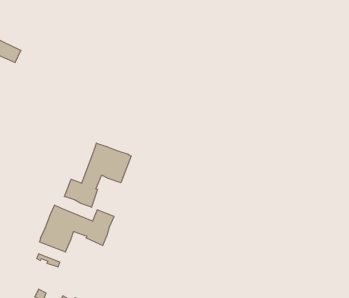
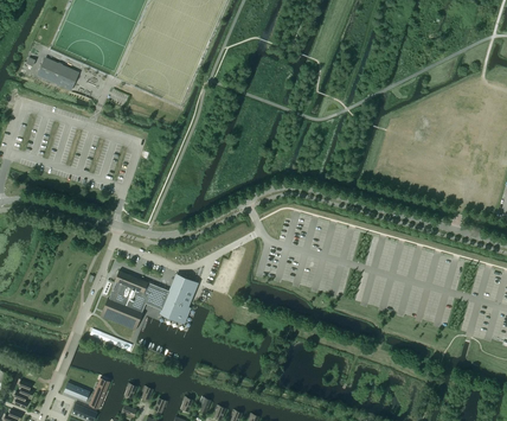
building: [64,143,131,207] -> none

